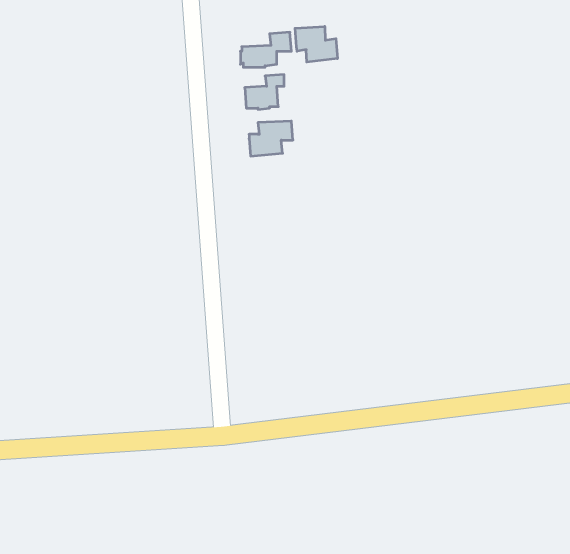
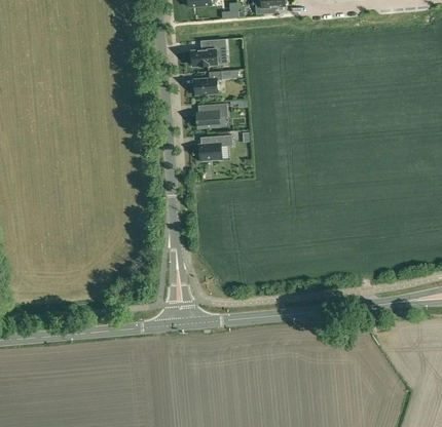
building: [295,26,337,62] -> none
building: none -> [199,133,233,160]

